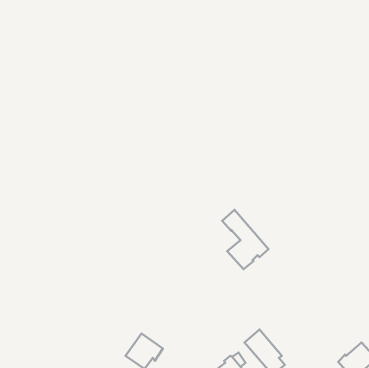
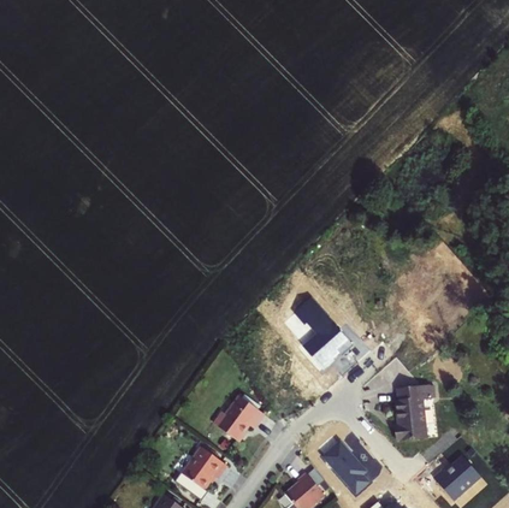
building: none -> [395,385,430,441]
building: none -> [213,395,265,442]

